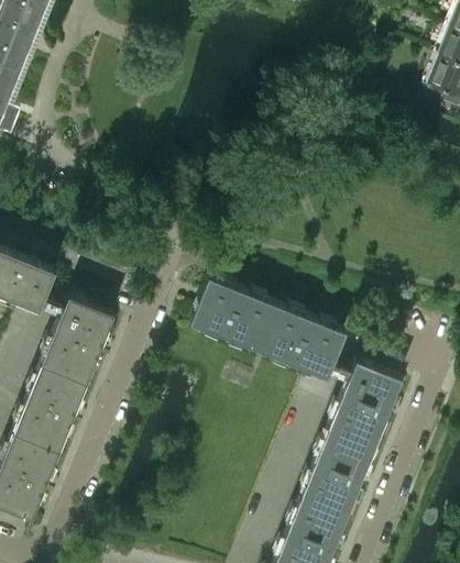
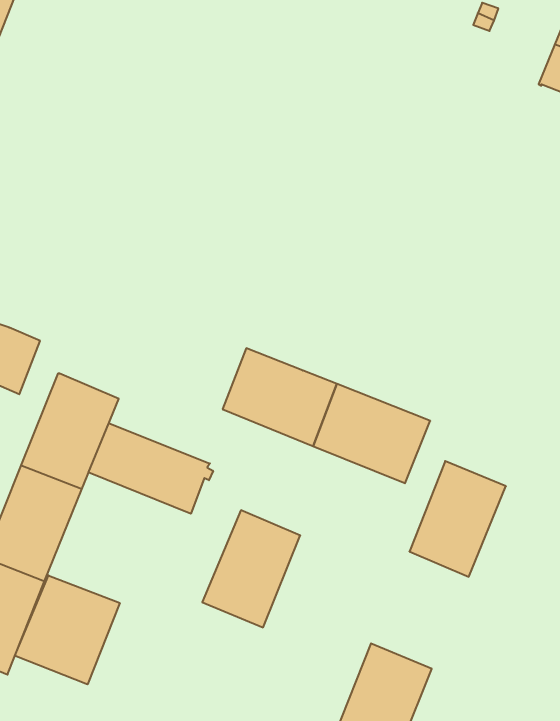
building: none -> [89,423,213,514]
building: [303,430,375,517] -> [202,510,300,627]
building: none -> [15,575,120,684]

